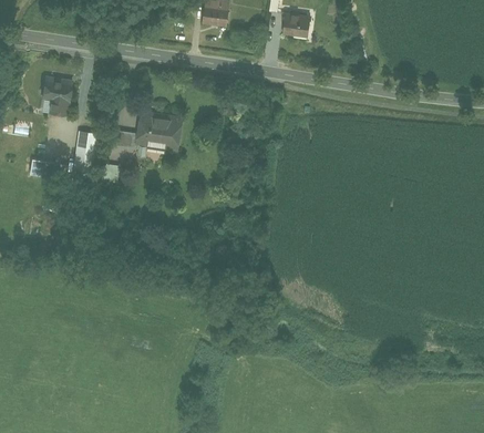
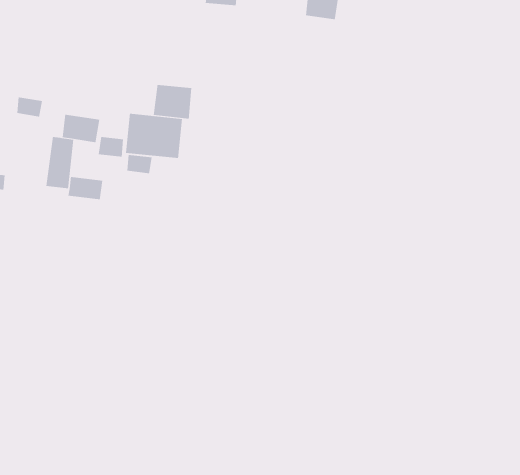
building: [42,78,73,101] -> [62,114,100,143]
building: none -> [153,84,192,119]

